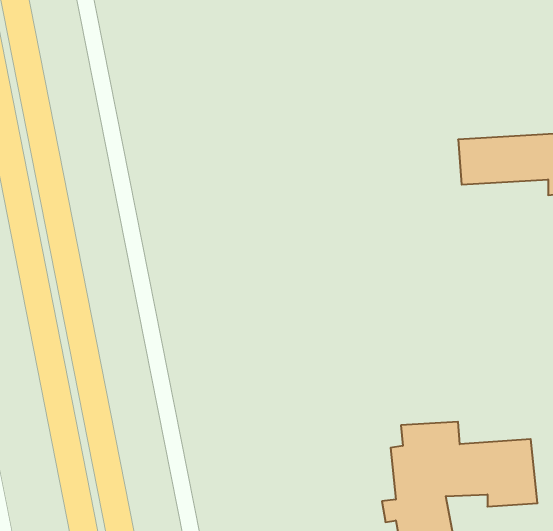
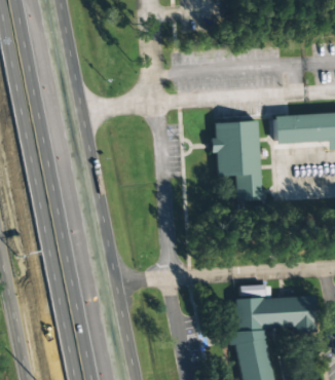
building: none -> [213,120,263,199]

